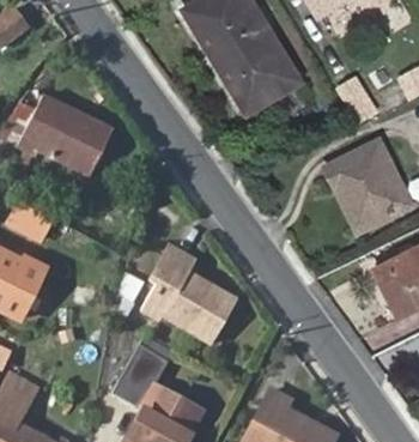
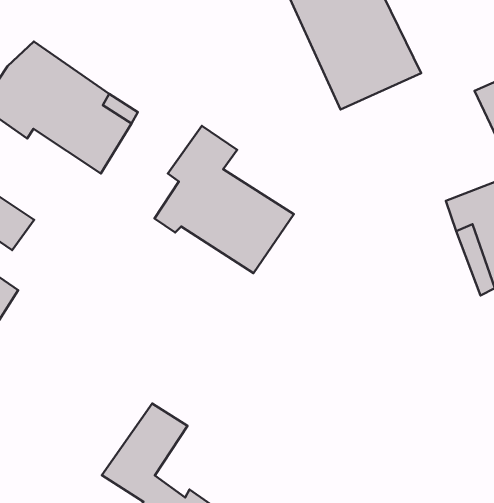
building: [132,241,229,340] -> [155,126,294,273]

